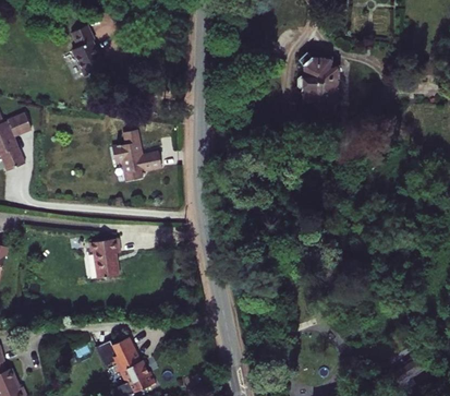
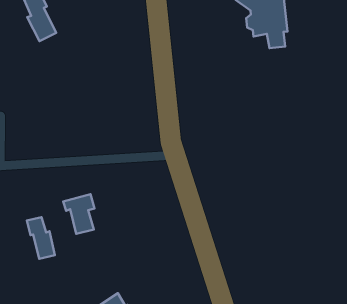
building: [111,130,161,182] -> none
building: none -> [27,217,55,259]

